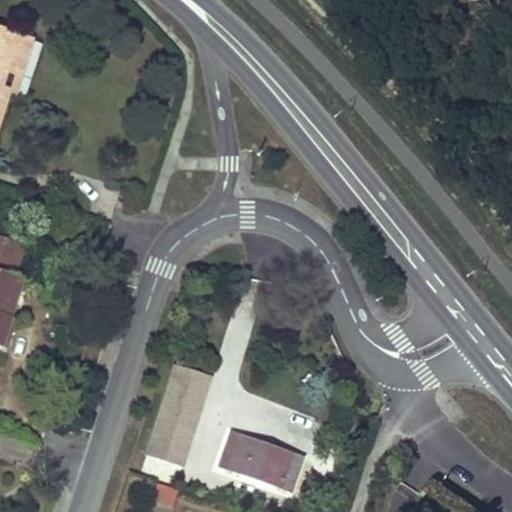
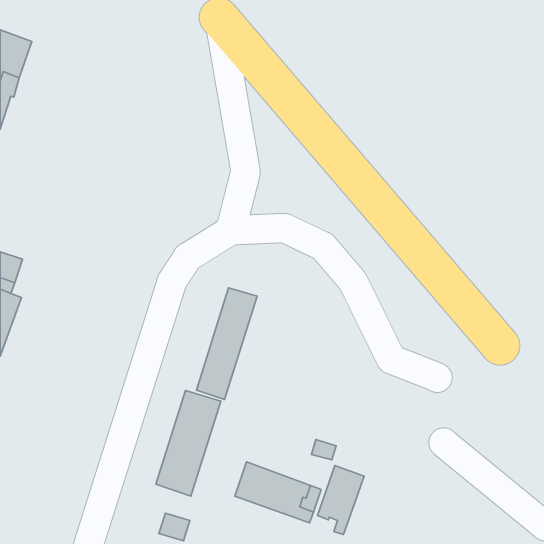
building: none -> [196,288,257,400]
building: none -> [317,465,364,534]

